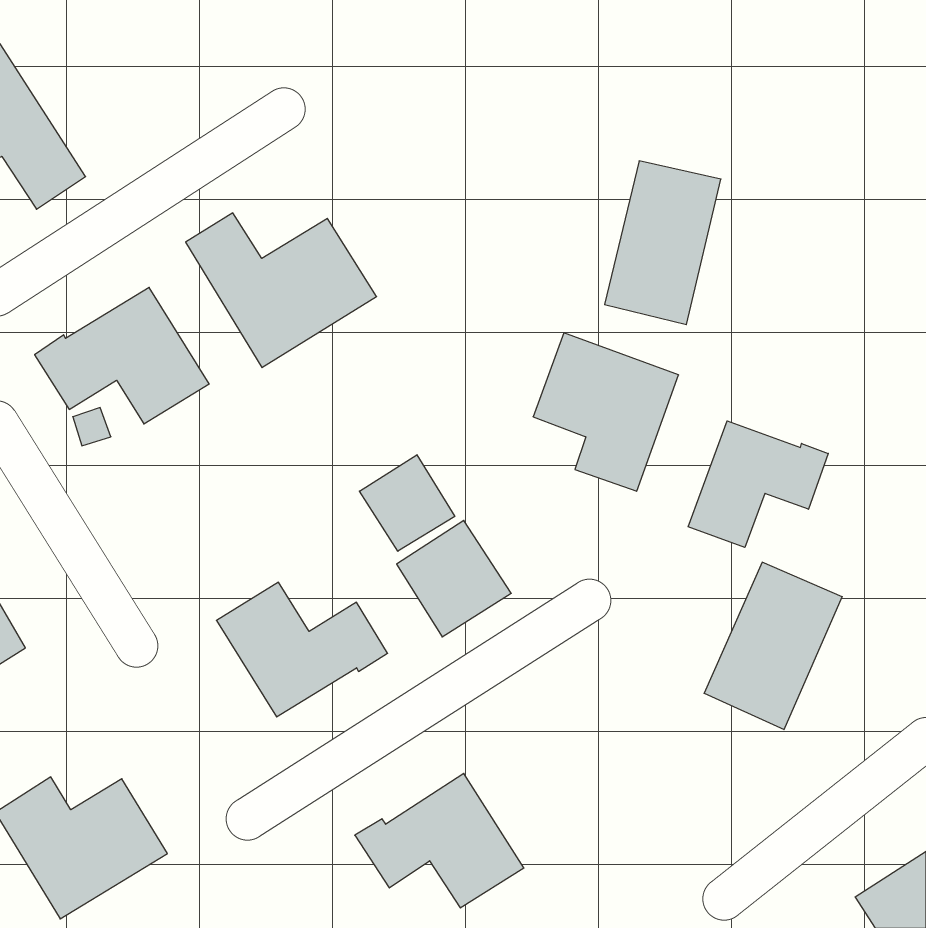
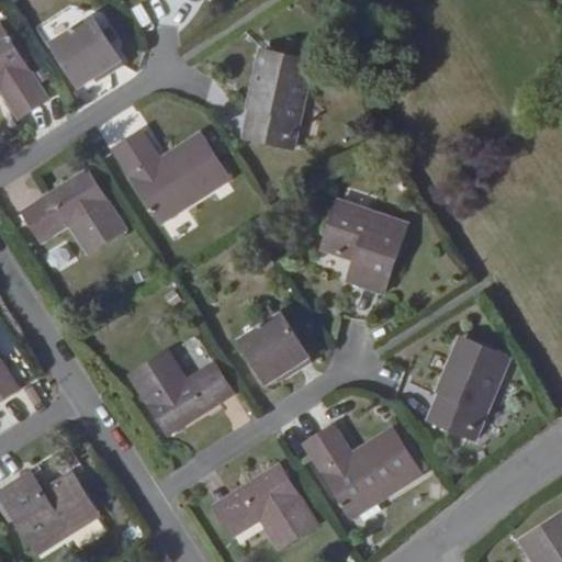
building: none -> [52,15,122,87]
building: [605,161,721,325] -> [244,48,314,147]
building: [688,421,828,547] -> none
building: [359,455,455,551] -> none
building: none -> [304,424,422,516]

